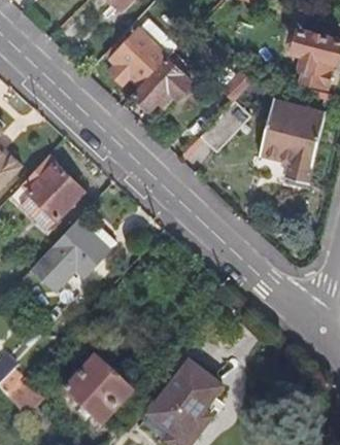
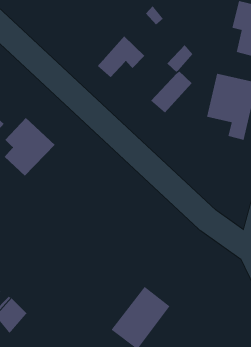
building: [97,20,166,85] -> none
building: [31,219,115,290] -> none
building: [66,361,132,426] -> none

